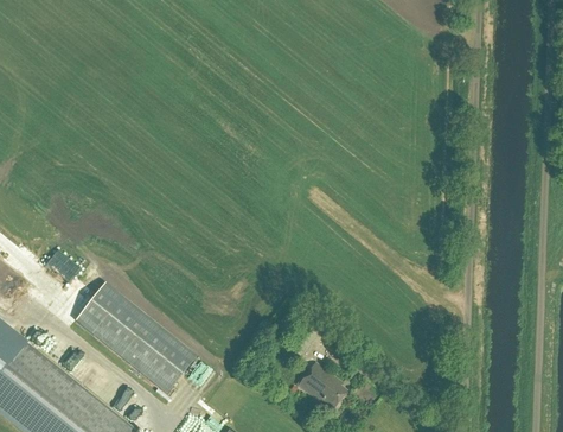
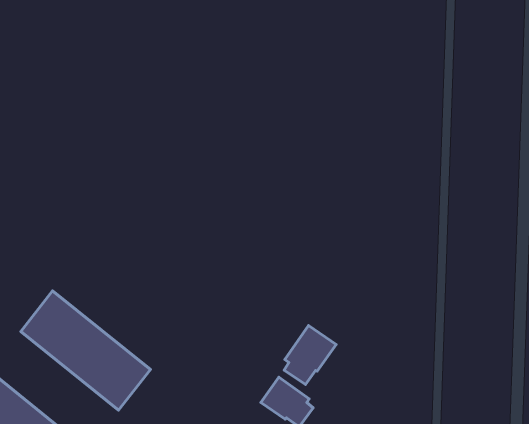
building: none -> [284,325,336,385]

